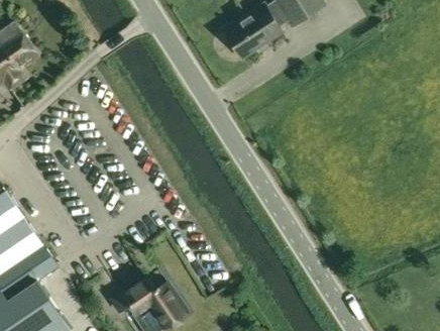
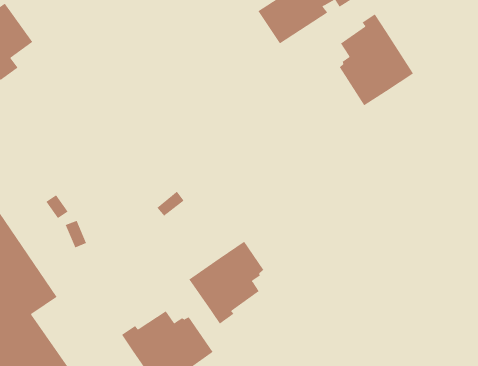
building: none -> [339,13,414,106]
building: none -> [189,241,264,324]

